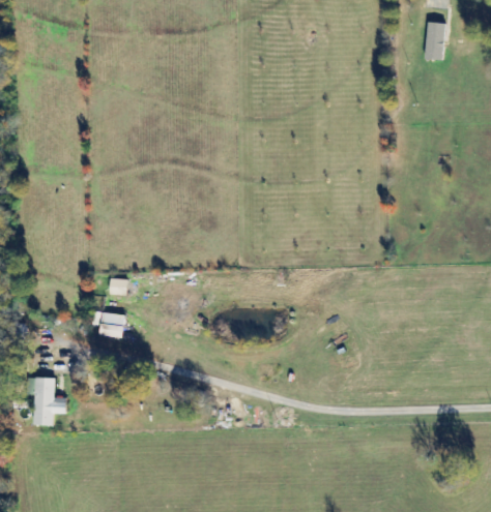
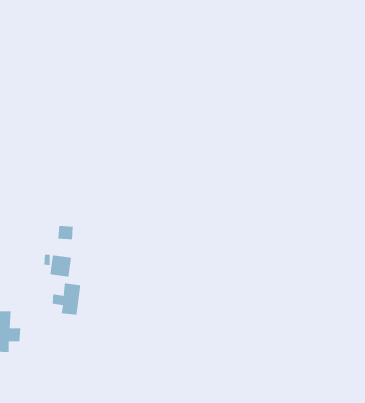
building: [424,21,445,60] -> none
building: none -> [52,282,81,315]

